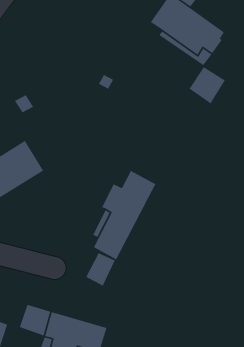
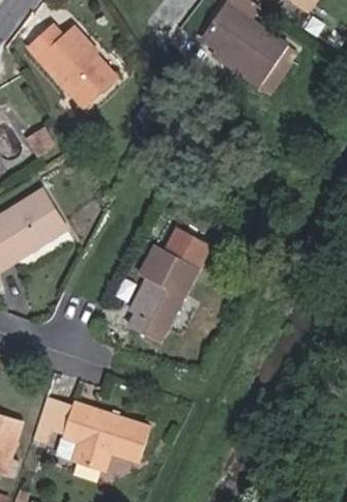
building: none -> [32,25,116,107]
building: [188,66,226,104] -> none
building: [85,252,116,287] -> none

